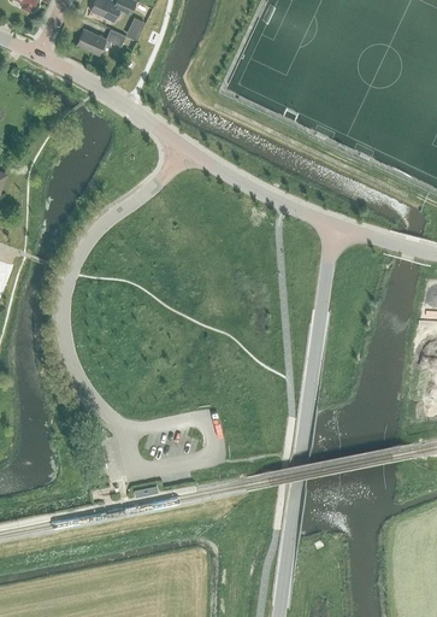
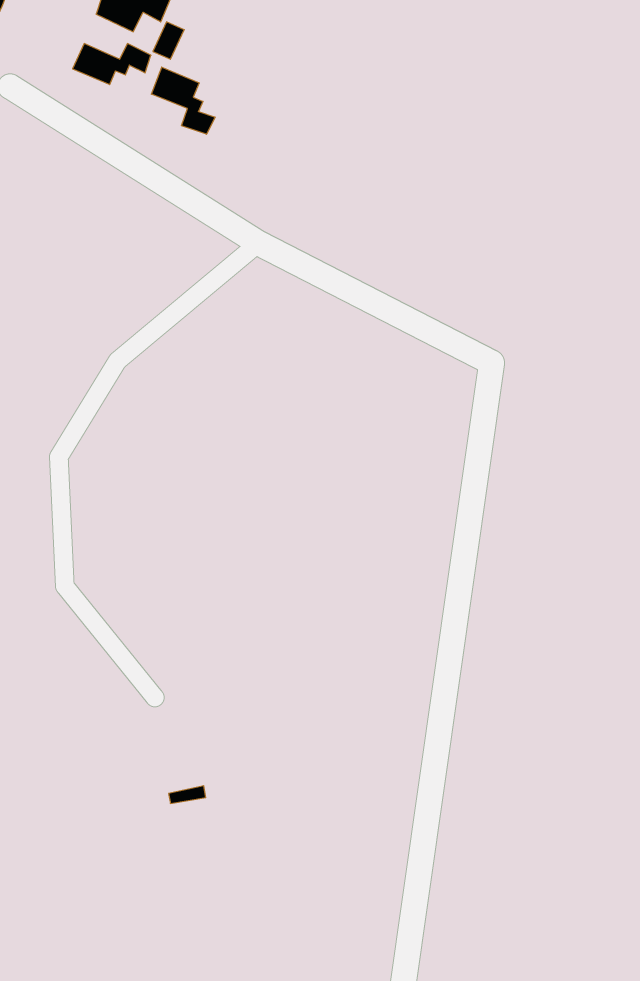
building: none -> [151,67,215,134]

